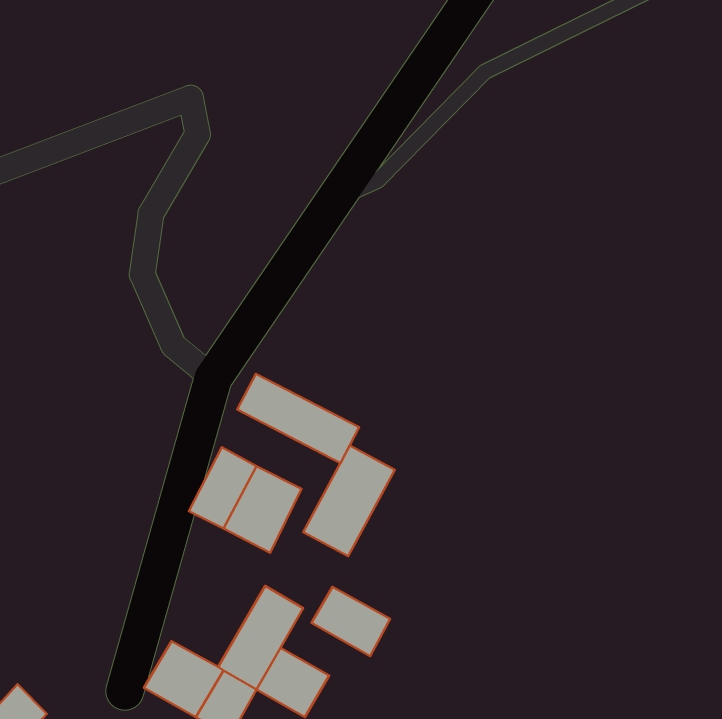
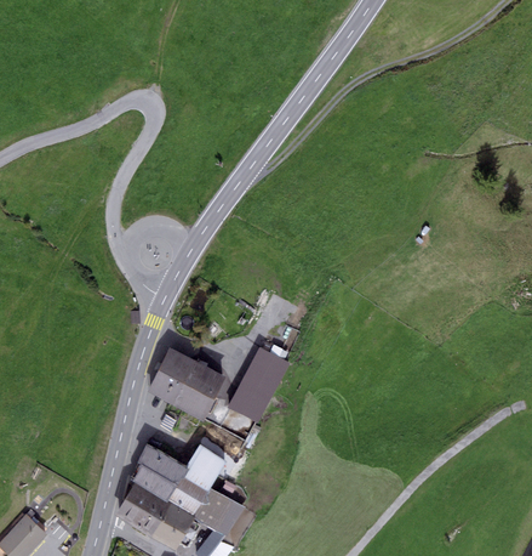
building: [237,374,359,463] -> none
building: [312,587,390,656] -> none
building: none -> [133,446,188,501]

